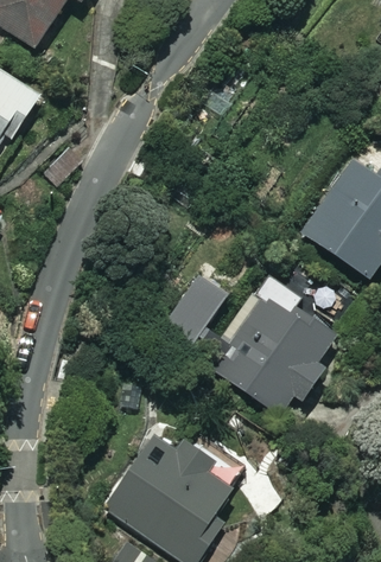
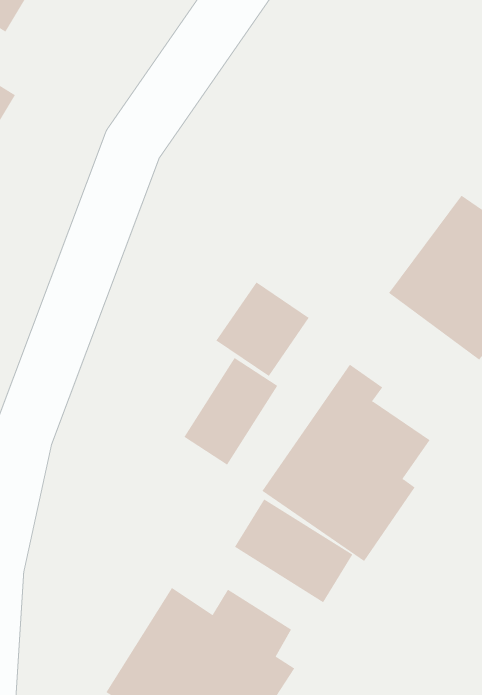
building: none -> [216,281,310,377]
building: none -> [234,498,353,603]

